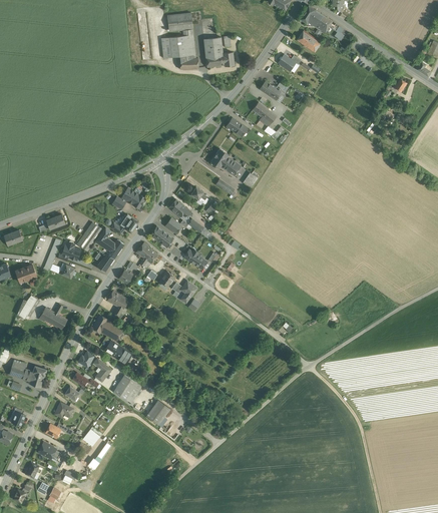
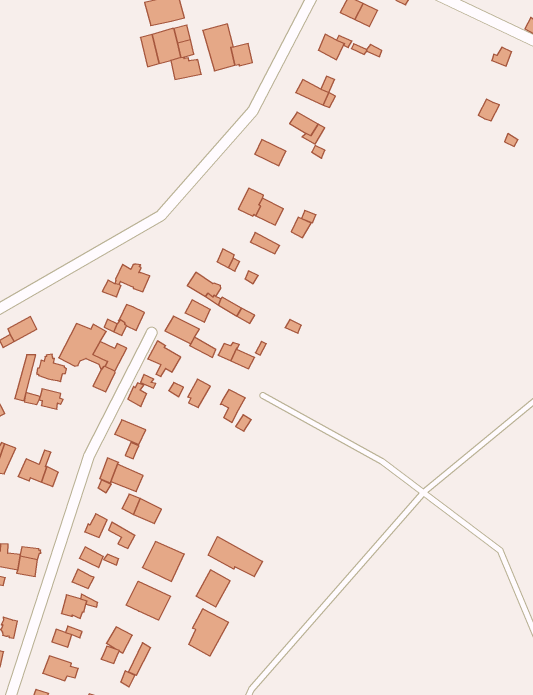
building: none -> [208,537,263,577]
building: none -> [126,581,171,620]
building: none -> [189,609,228,656]

